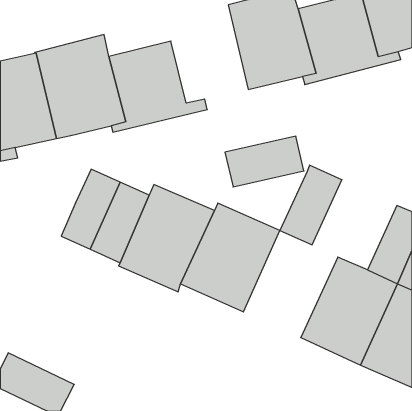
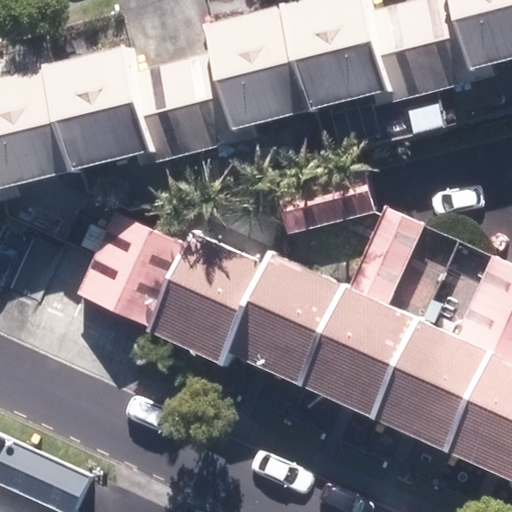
building: none -> [204,6,308,128]
building: none -> [302,286,419,419]

